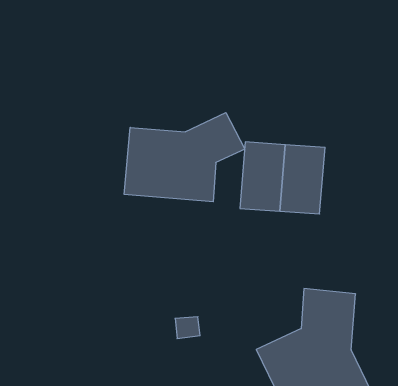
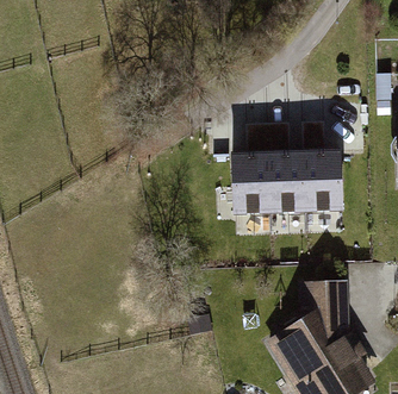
building: [124,113,245,202] -> none
building: none -> [305,148,342,208]

